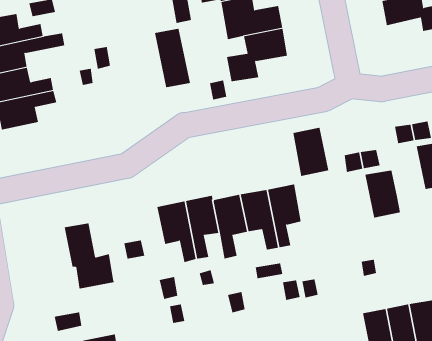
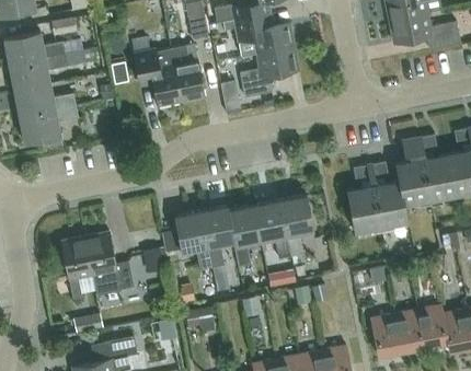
building: none -> [133,38,182,107]
building: [293,127,329,176] -> [346,186,381,233]
building: none -> [394,159,430,206]
building: none -> [60,236,92,300]

